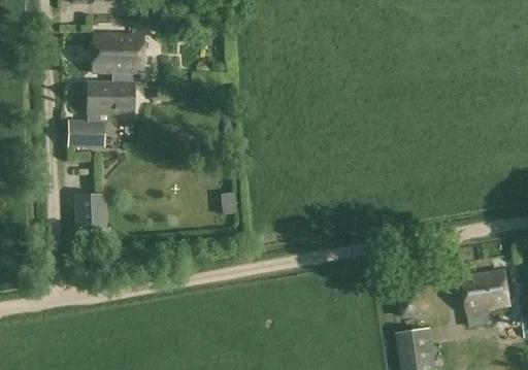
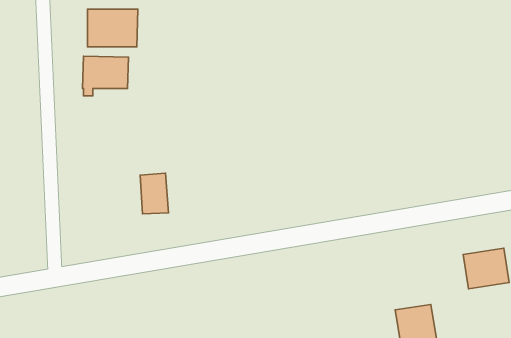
building: [70,121,99,145] -> none
building: [73,193,101,233] -> [140,173,168,214]

